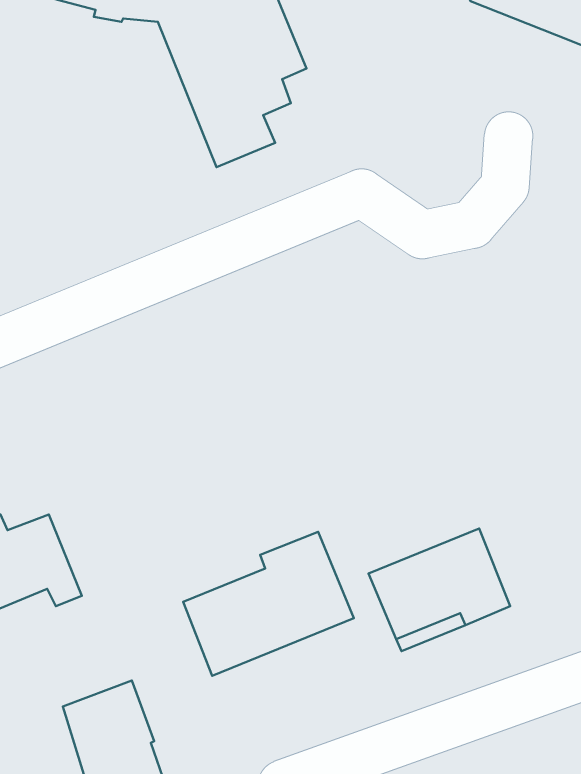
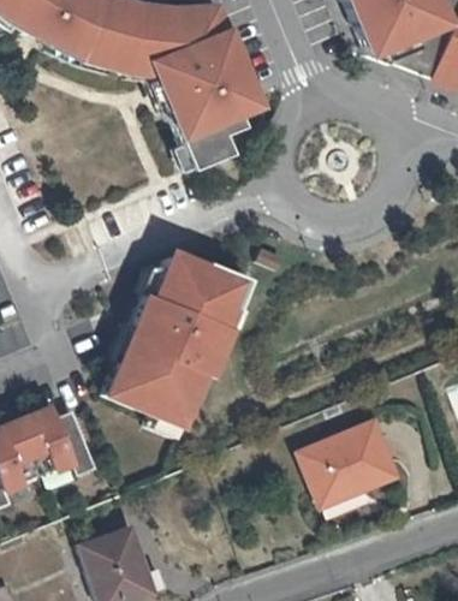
building: none -> [105,255,250,424]
building: [183,532,354,676] -> none

